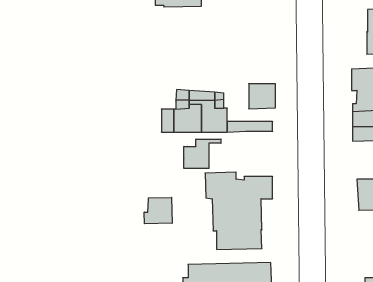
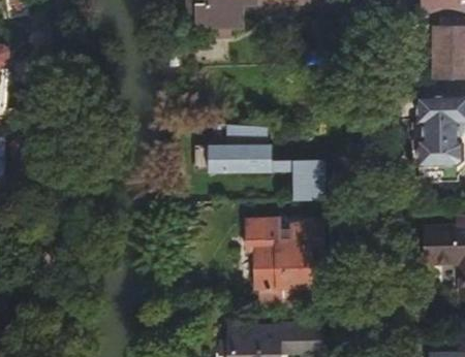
building: [249,84,275,109] -> [295,171,326,200]
building: [184,139,221,168] -> none
building: [144,197,172,224] -> none

